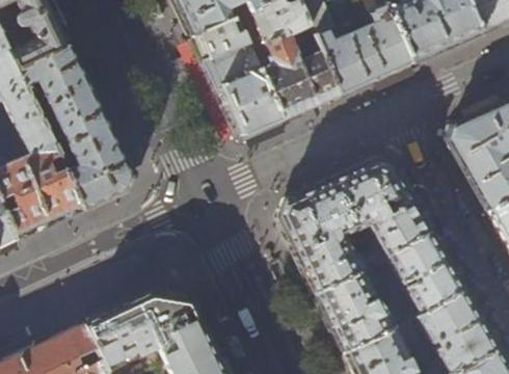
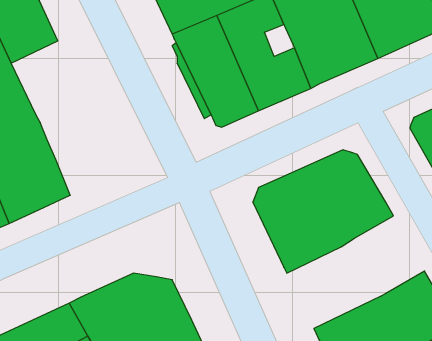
building: [19,45,132,210] -> none
building: [386,232,461,315] -> none
building: [314,265,414,352] -> none

